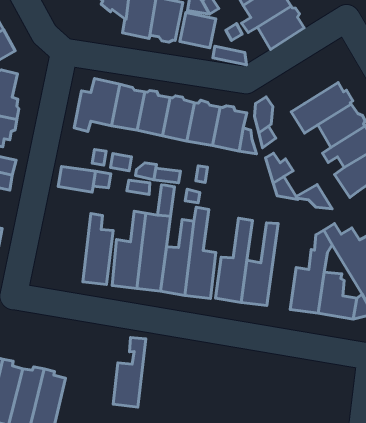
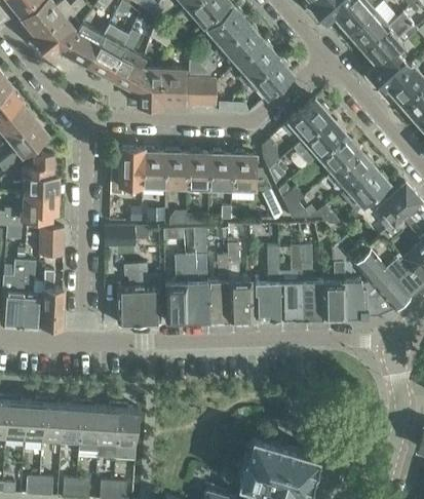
building: none -> [283,100,330,140]
building: none -> [299,246,321,318]
building: [113,338,146,407] -> [116,265,140,325]

